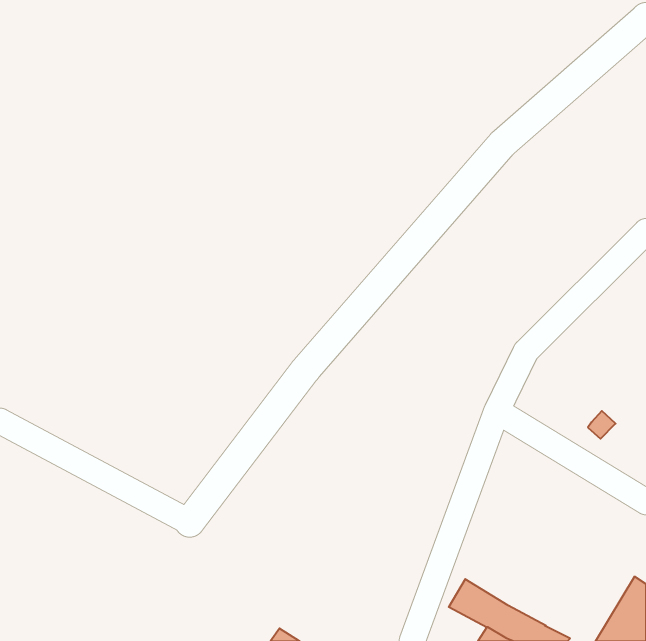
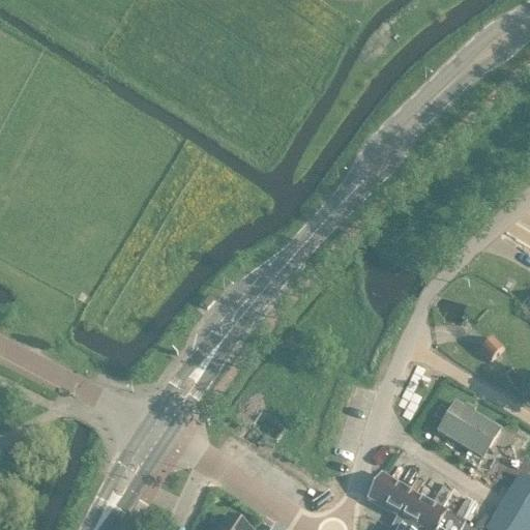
building: none -> [439,401,500,451]

